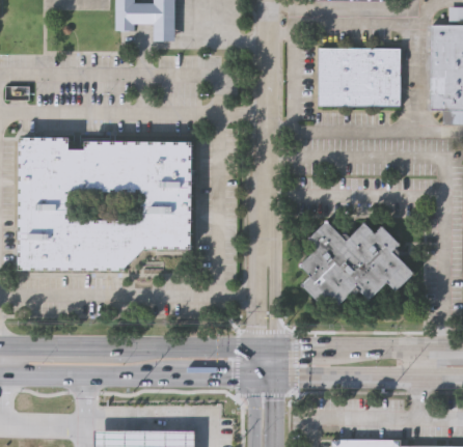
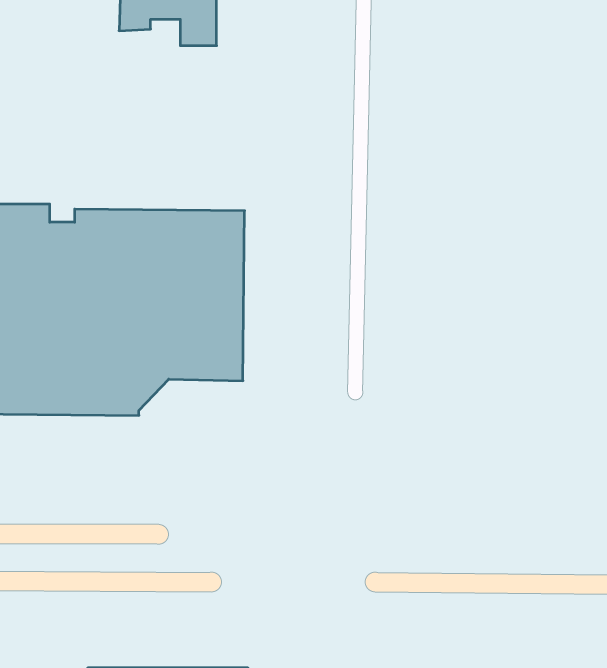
building: [319,49,401,106] -> none
building: [299,221,412,305] -> none

